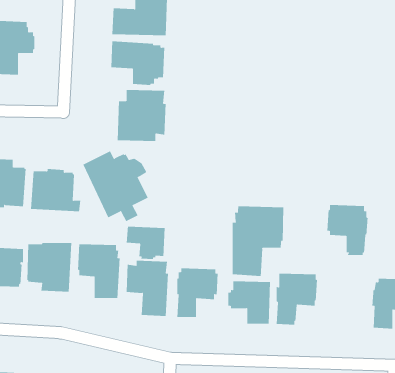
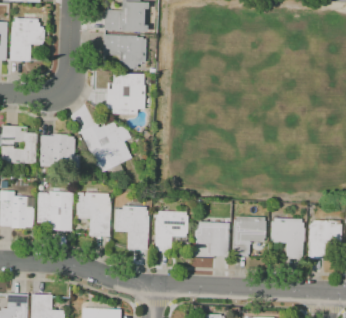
building: [327,204,369,255] -> [272,218,305,258]
building: [232,205,284,277] -> none
building: [126,226,165,260] -> none

